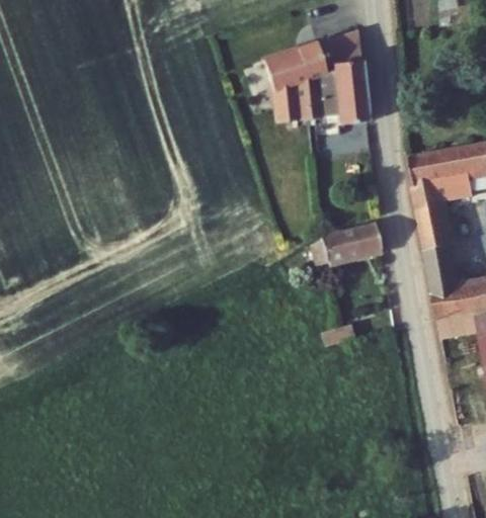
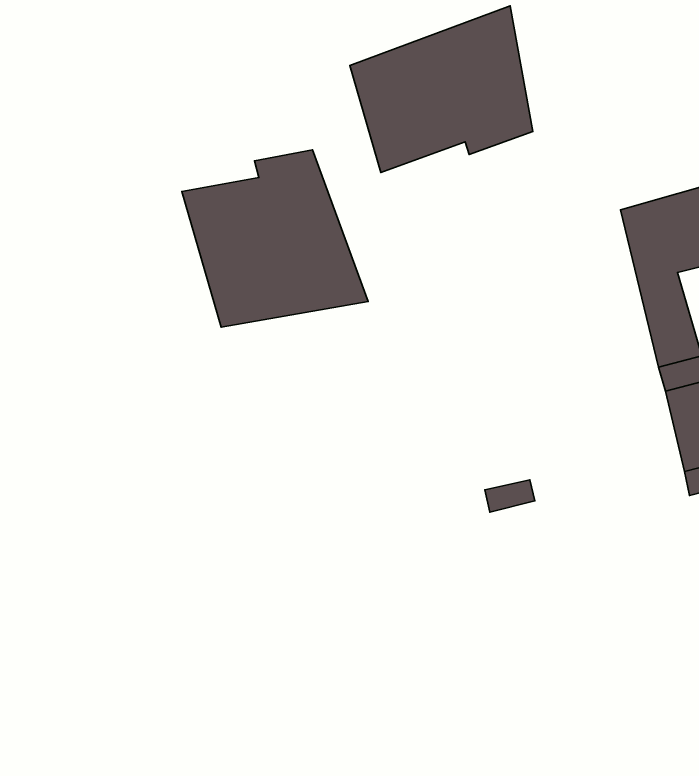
building: none -> [182,150,368,327]
building: [315,225,378,256] -> none

